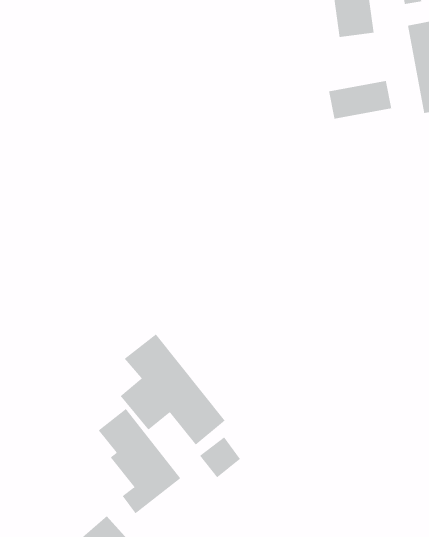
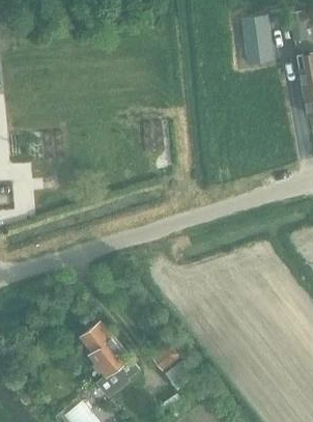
building: [329,80,392,120] -> none
building: [120,333,226,446] -> none

